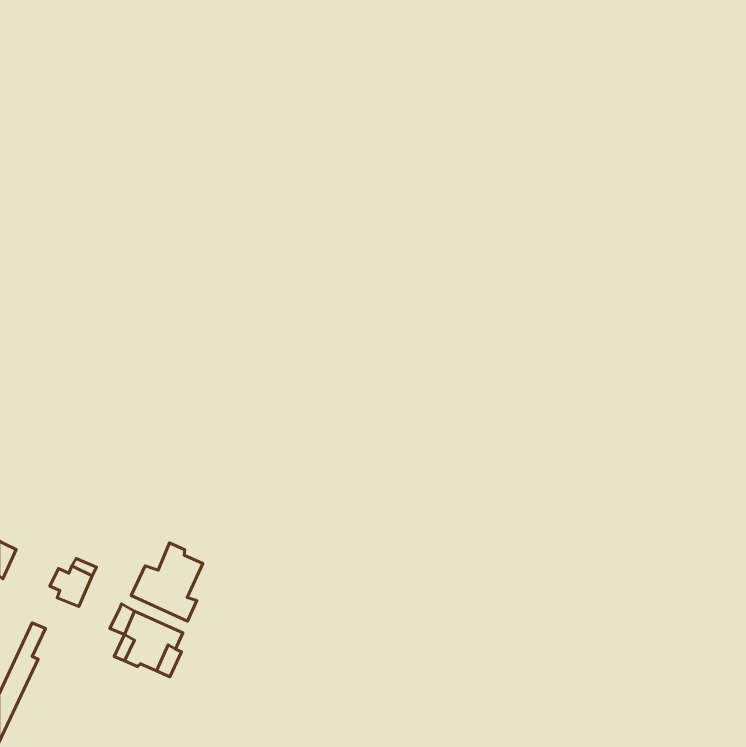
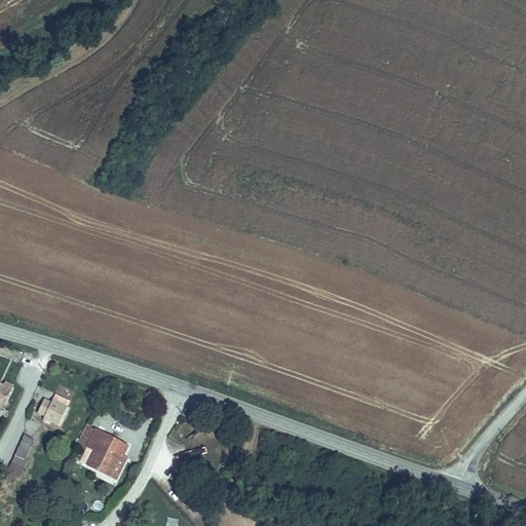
building: [131,543,203,621] -> none

